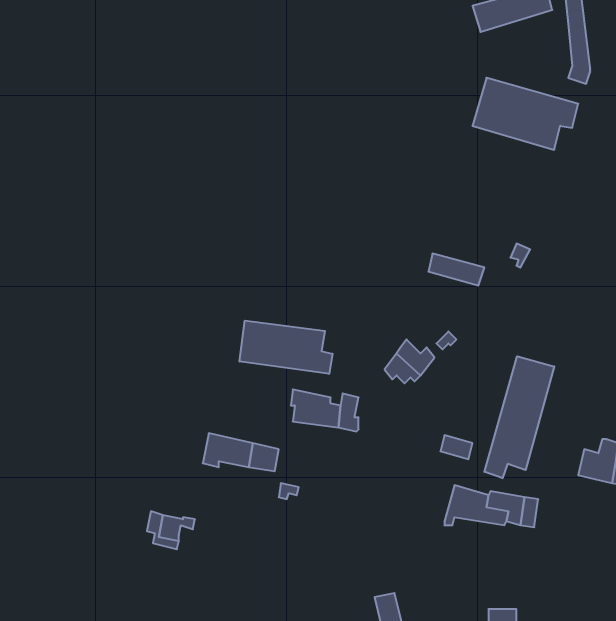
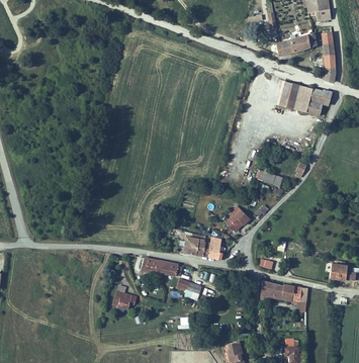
building: [240,321,333,374] -> none
building: [484,356,554,478] -> none

